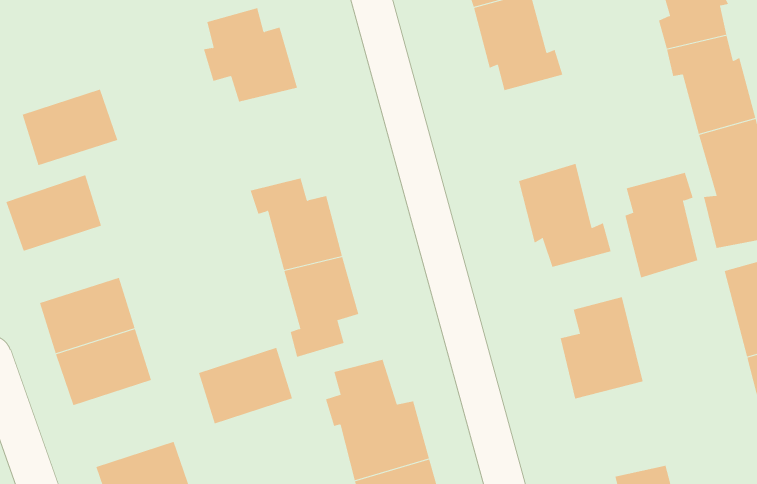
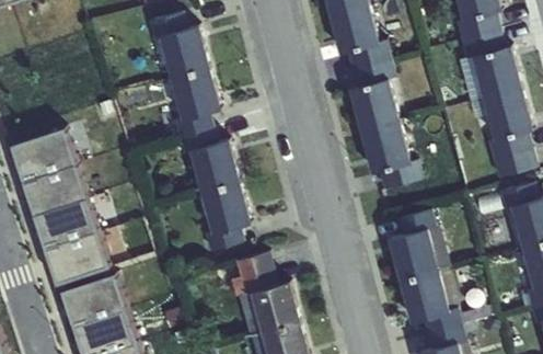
building: none -> [170,67,221,137]
building: [22,89,118,166] -> [23,161,89,214]
building: [624,172,698,278] -> [349,58,400,130]
building: [198,347,293,424] -> [61,273,126,326]
building: none -> [398,267,461,332]

